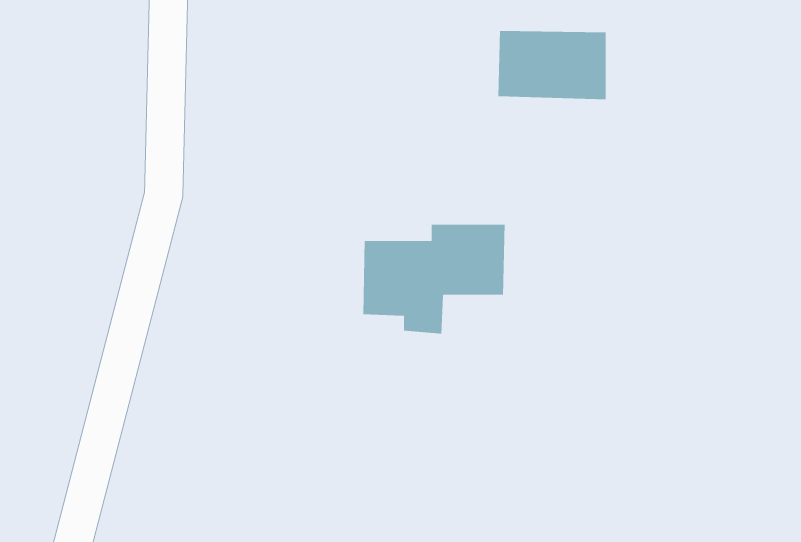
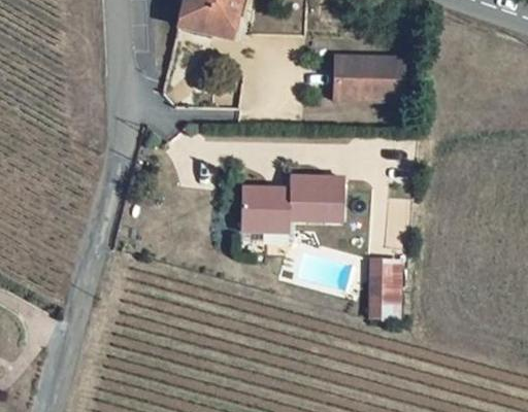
building: none -> [368,258,401,311]

